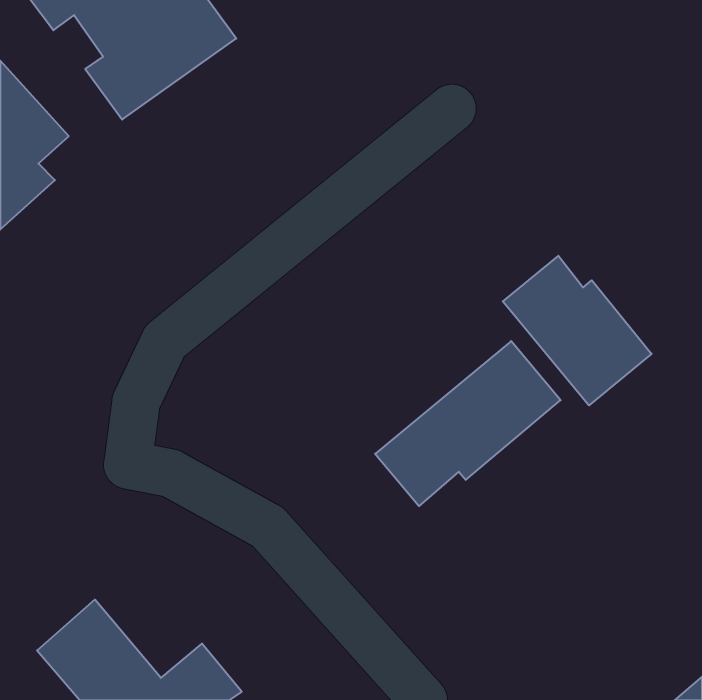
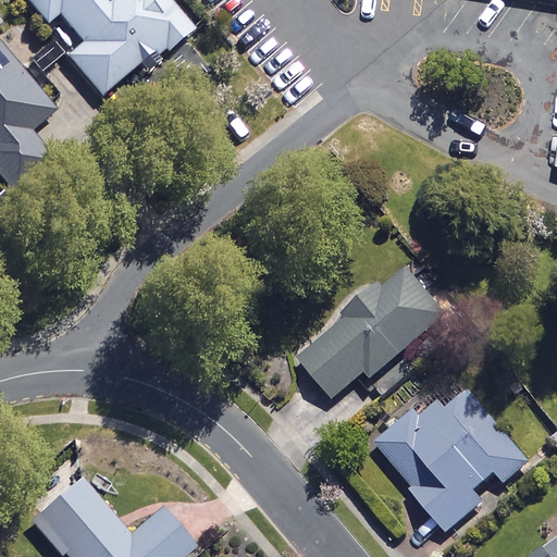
building: [503,256,652,405] -> none
building: none -> [375,383,527,532]

